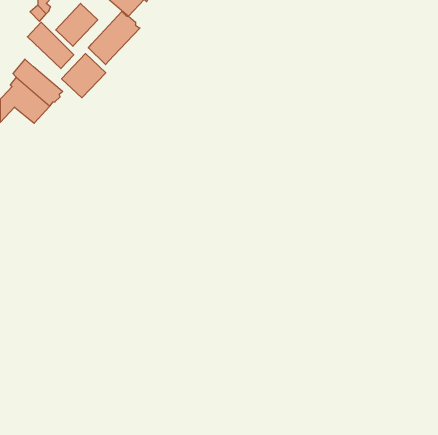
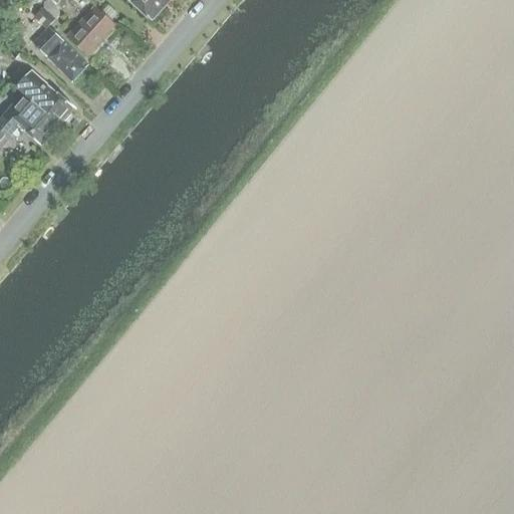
building: [88,11,140,65] -> none
building: [62,54,106,98] -> none

